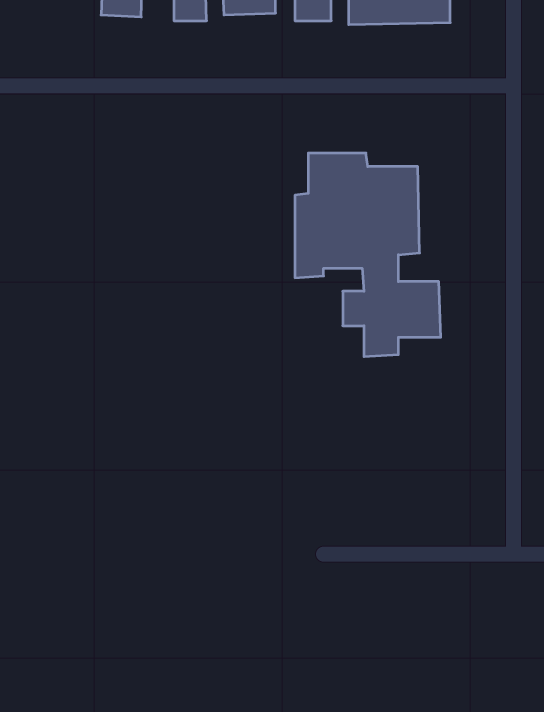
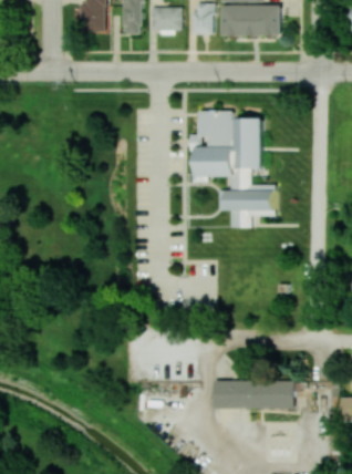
building: none -> [215,379,293,408]

